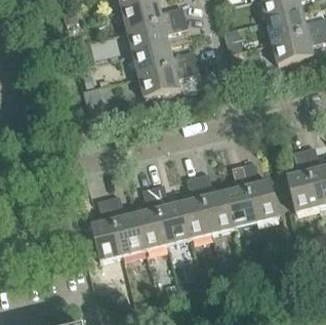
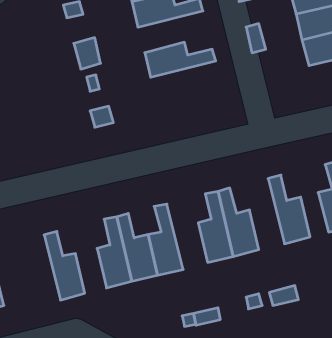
building: [127,16,188,53] -> none
building: [138,60,199,98] -> none
building: [226,164,256,227] -> none
building: [153,184,189,244] -> [44,231,85,300]

